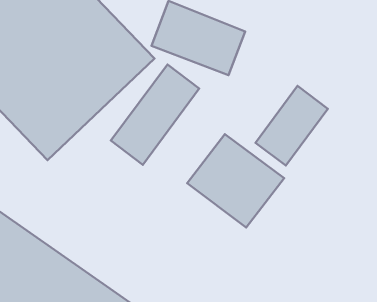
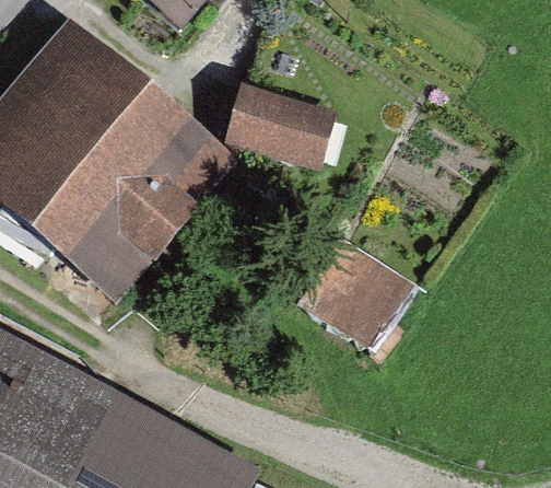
building: [111,65,199,165] -> none
building: [256,86,328,165] -> none

